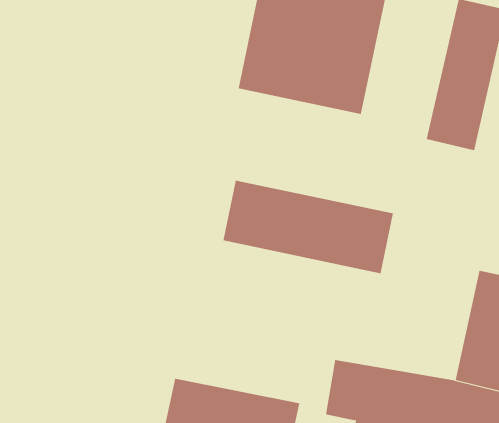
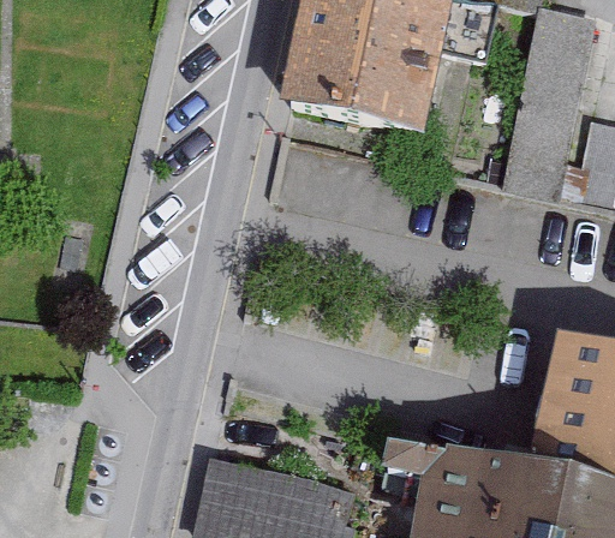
building: [223,180,393,274] -> none

